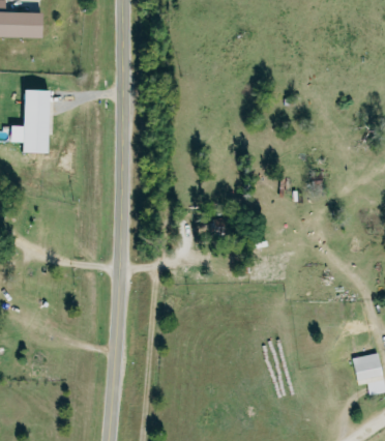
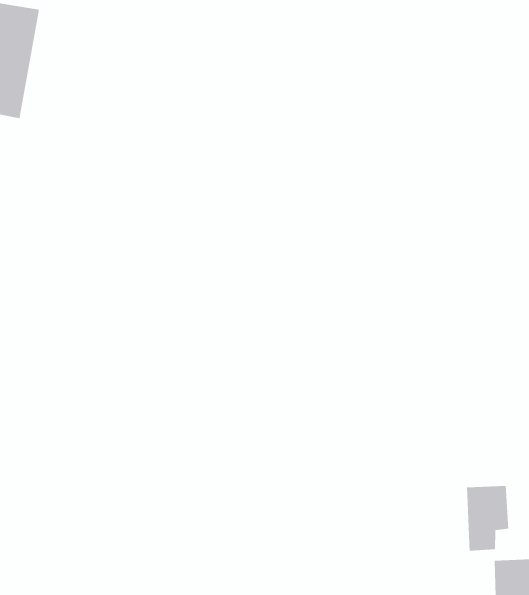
building: none -> [467,485,509,551]

